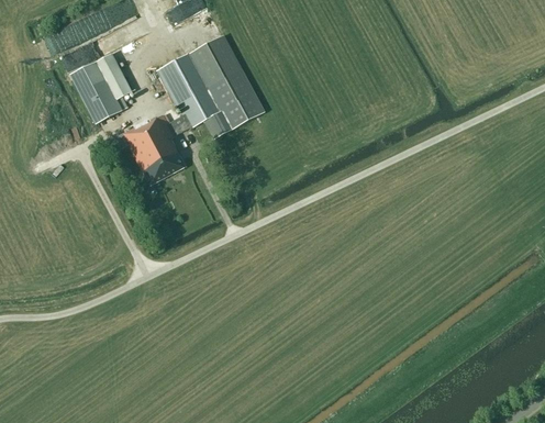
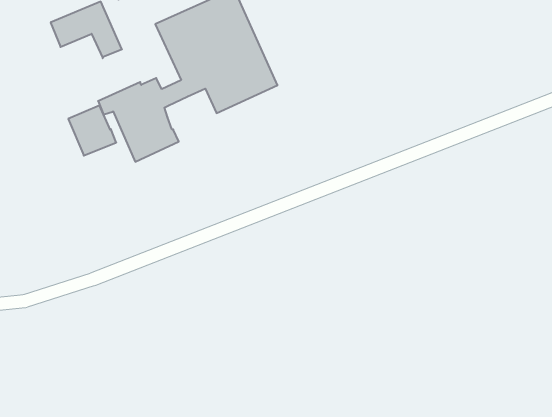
building: [80,80,122,123] -> [68,106,116,156]

